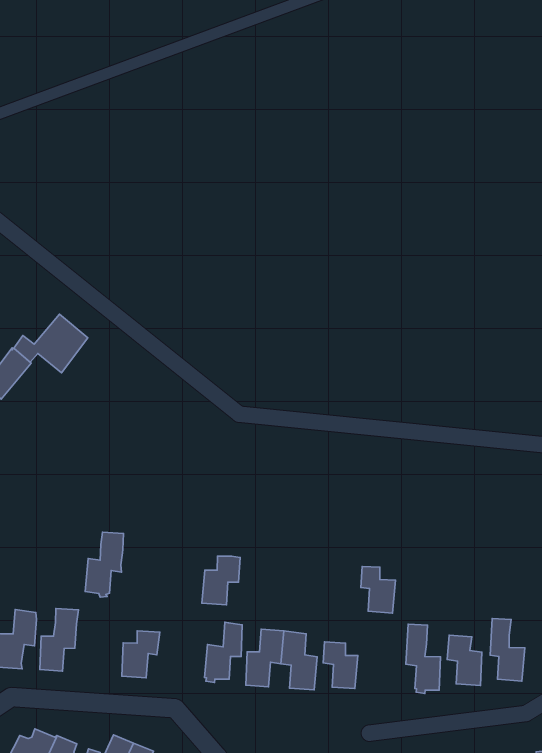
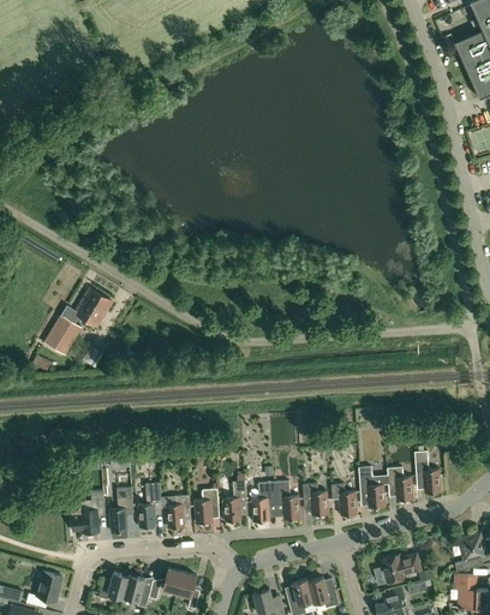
building: [85,532,123,597] -> [138,484,162,530]
building: [202,556,240,605] -> [195,489,219,524]
building: [361,566,396,613] -> [331,484,357,515]

